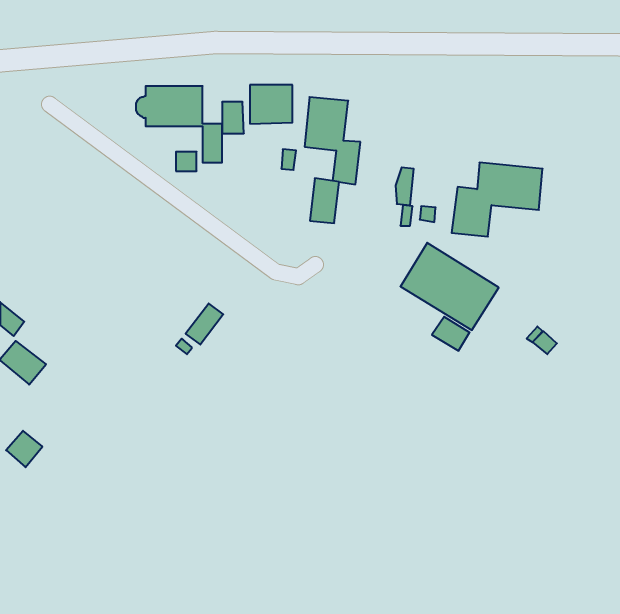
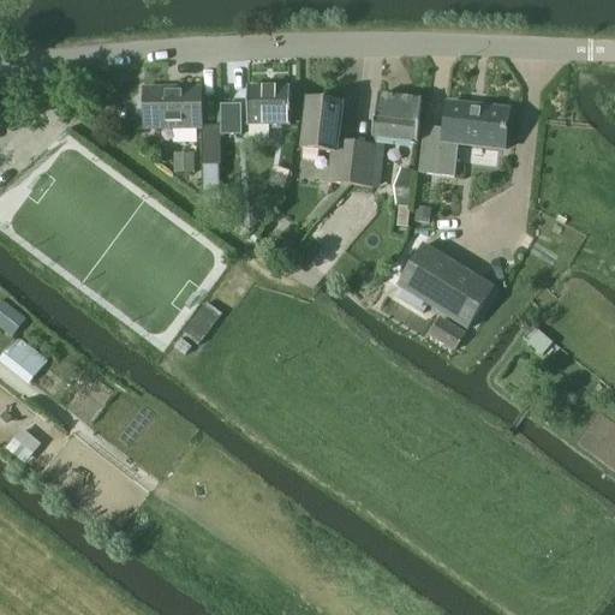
building: none -> [371,92,420,141]
building: [452,163,543,237] -> [418,101,508,174]
building: [310,178,339,223] -> [352,141,381,185]

